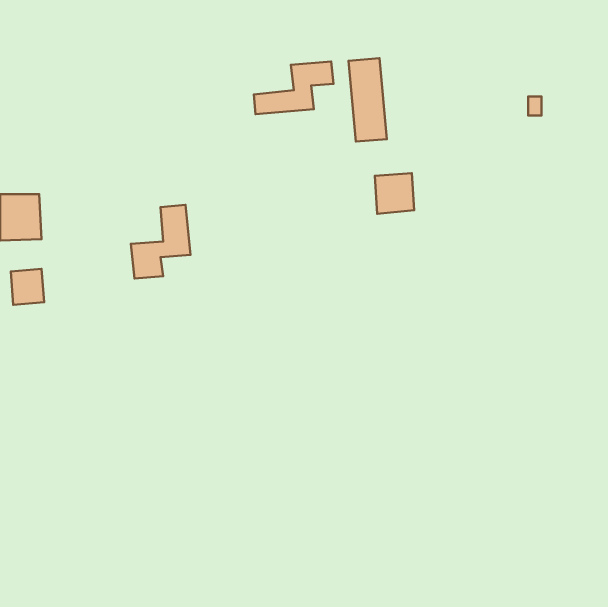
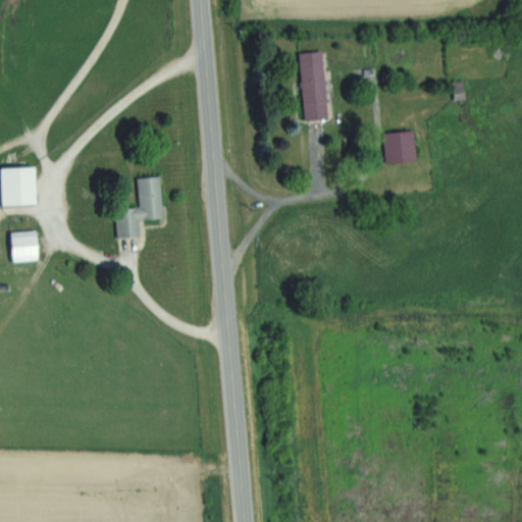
building: [254,61,334,114] -> none
building: [375,173,414,214] -> [382,130,416,165]

